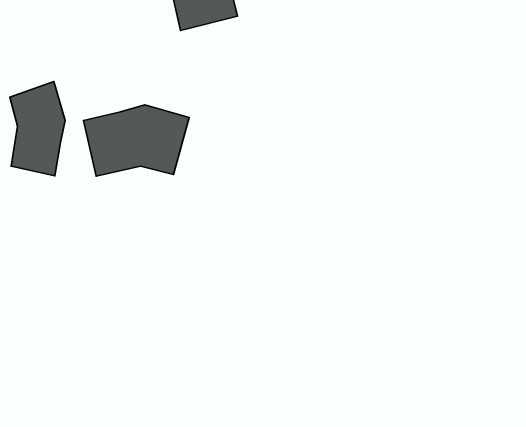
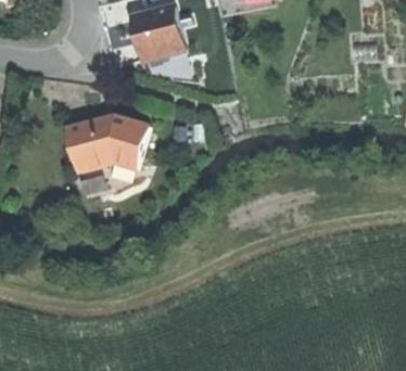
building: [10,81,65,176] -> none

